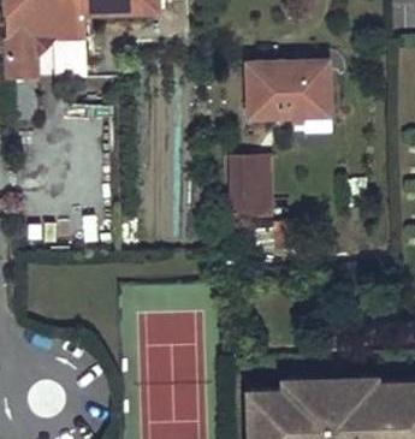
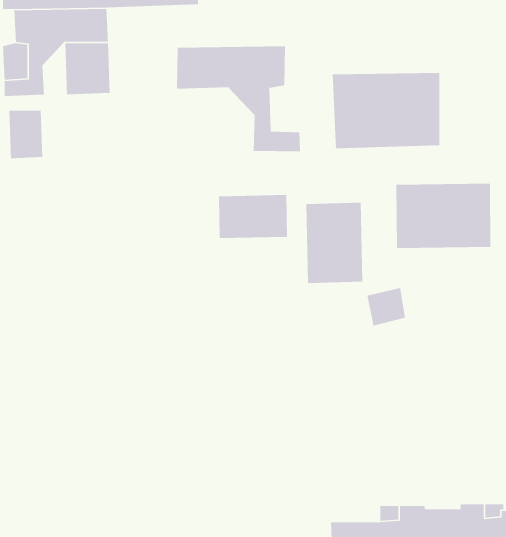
building: none -> [176,45,301,152]
building: none -> [396,183,491,249]
building: none -> [218,194,288,239]

